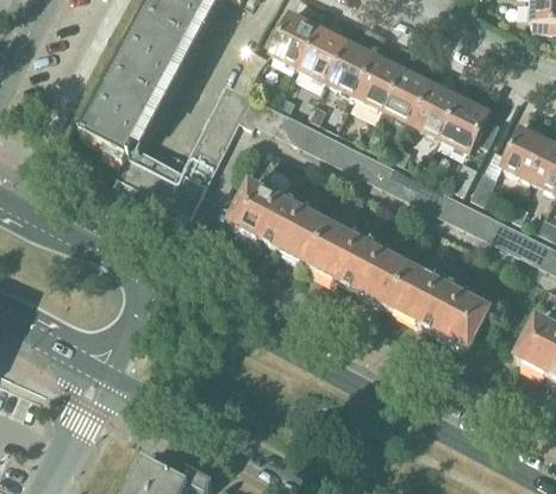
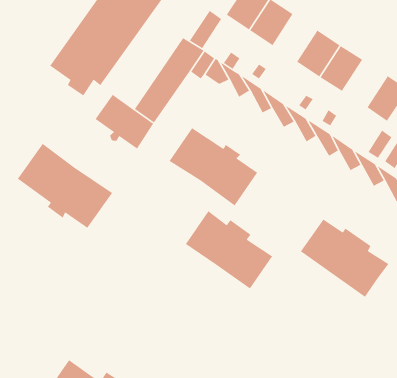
building: [326,39,374,93] -> none
building: [411,81,460,135] -> none
building: [113,143,152,186] -> none
building: none -> [17,143,113,229]
building: [306,223,407,306] -> [185,210,273,289]

